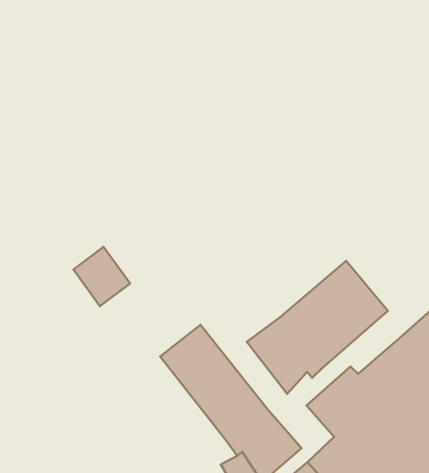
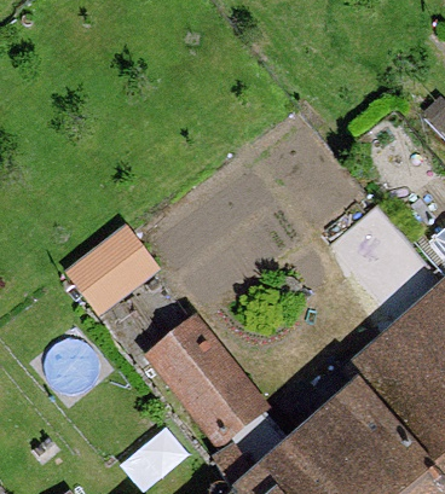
building: [247,261,388,394] -> none

